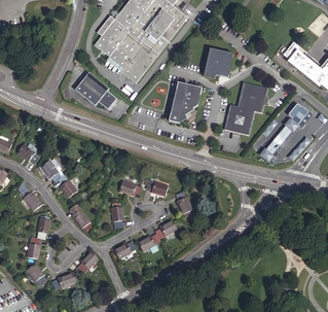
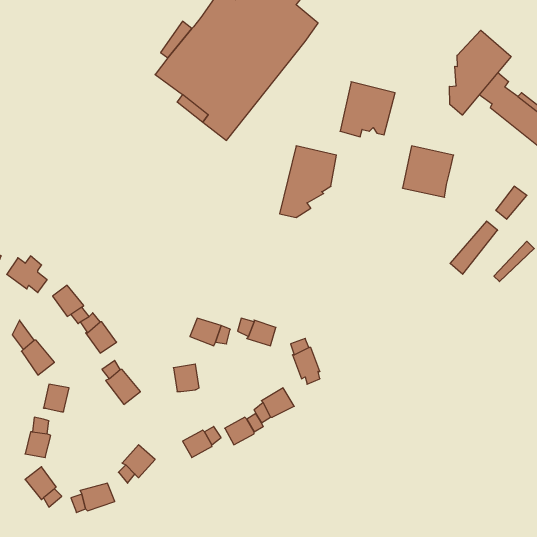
building: none -> [449,30,511,115]
building: [76,71,115,106] -> none
building: [224,104,261,134] -> none

